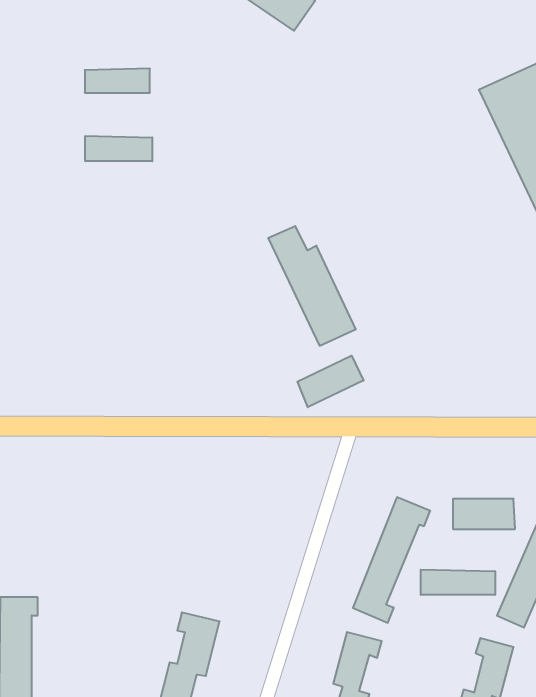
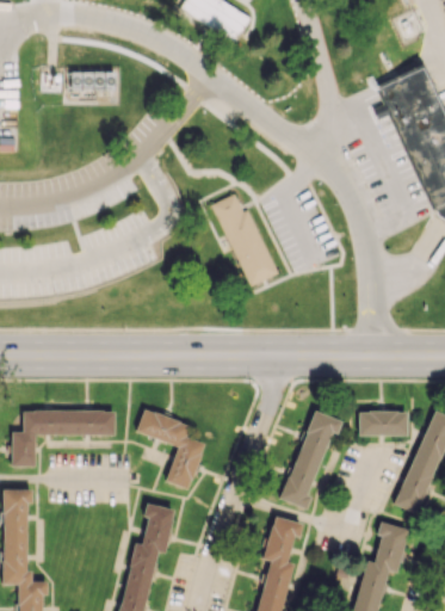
building: [85,136,152,161] -> none
building: [297,356,364,407] -> none
building: none -> [136,409,205,488]
building: none -> [12,411,115,465]
building: [421,570,495,595] -> none

